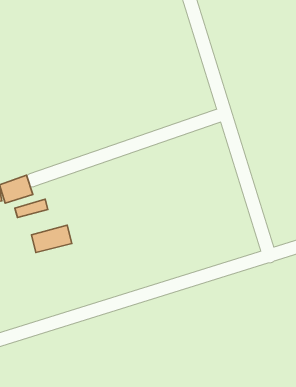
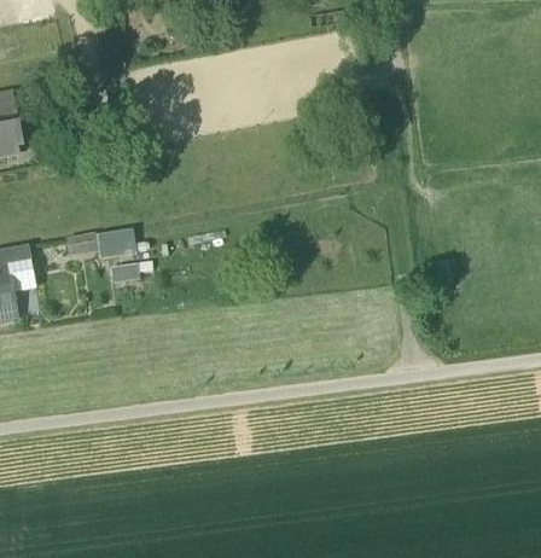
building: [31,225,72,252] -> none

